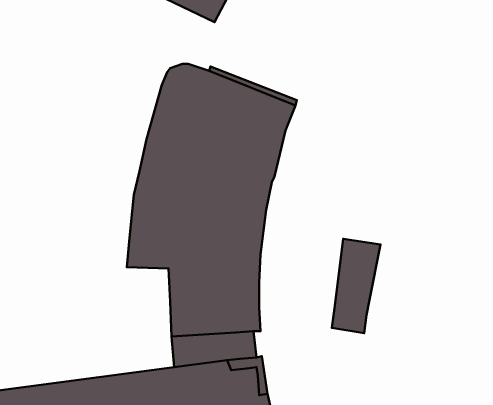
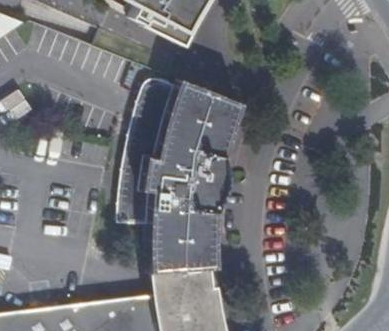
building: [332,239,381,333] -> none

